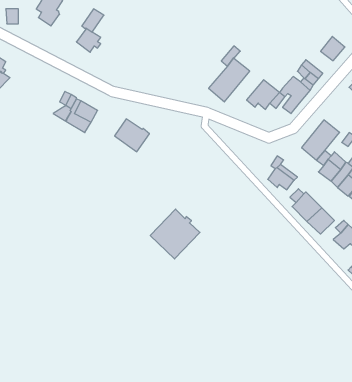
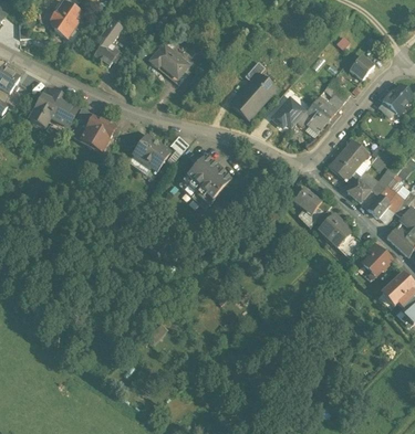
building: none -> [148,45,188,78]
building: none -> [30,93,76,127]
building: [150,209,200,259] -> [179,156,231,208]

